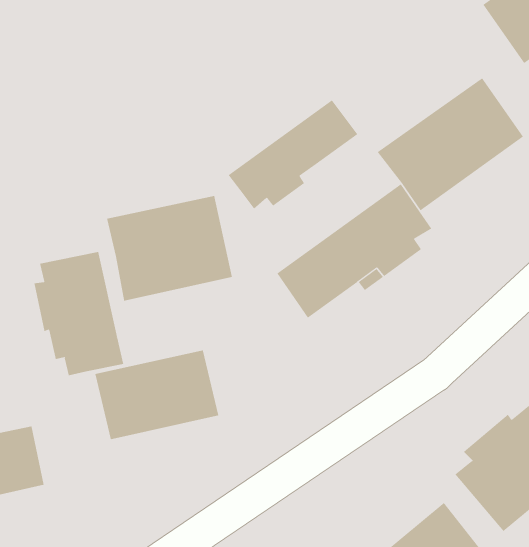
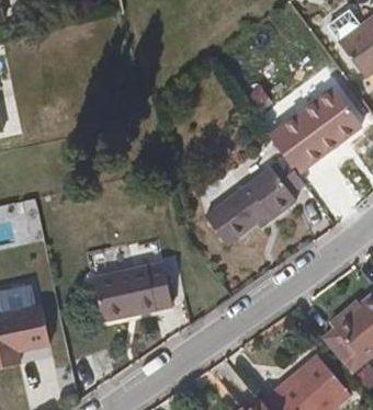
building: [228,100,358,210] -> none
building: [107,195,233,302] -> none
building: [34,251,124,376] -> none

